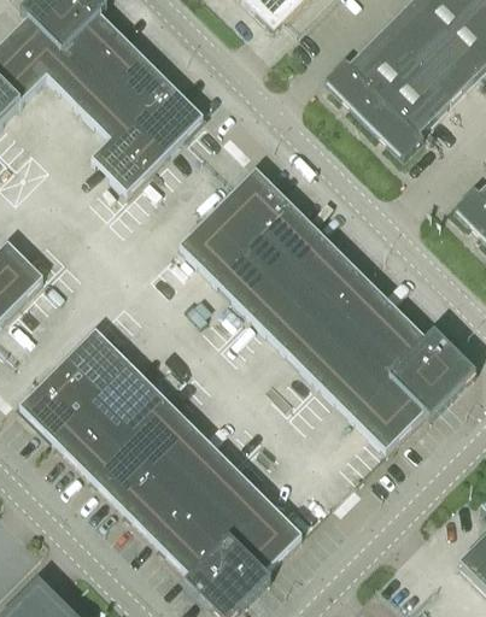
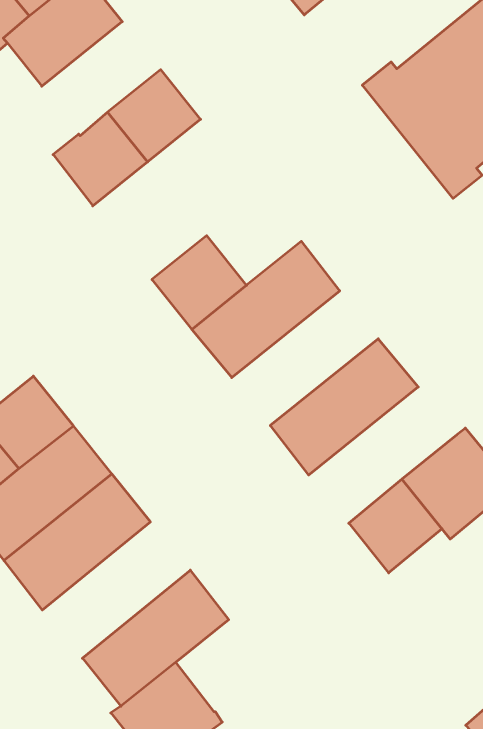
building: [77,47,168,139] -> none
building: [217,168,291,240] -> none
building: [248,236,358,346] -> none
building: [316,304,427,415] -> none
building: [122,430,233,541] -> none
building: [229,499,301,571] -> none

